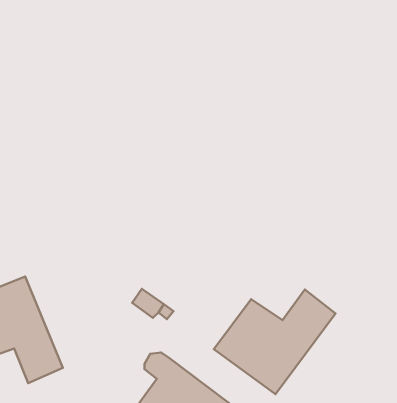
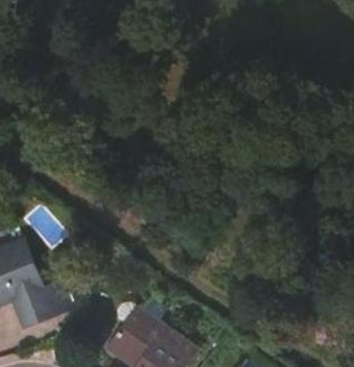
building: [214,290,335,394] -> none

